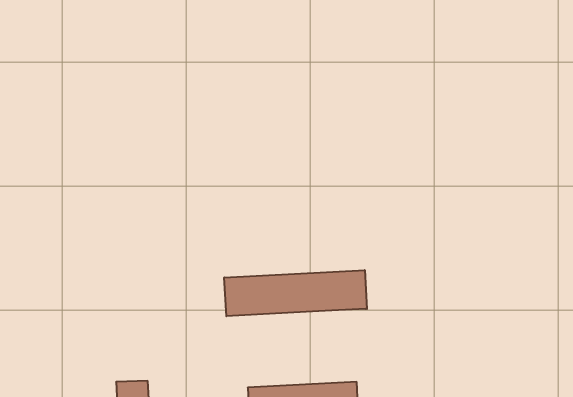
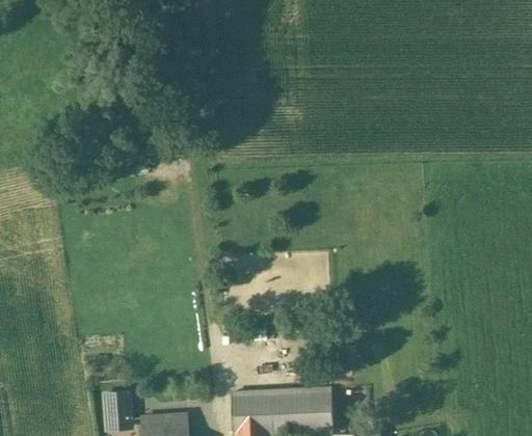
building: [224,270,367,316] -> none

